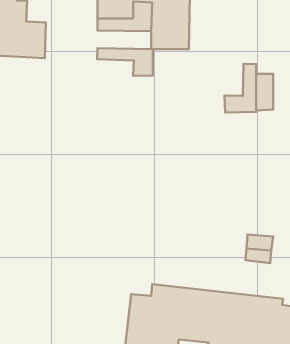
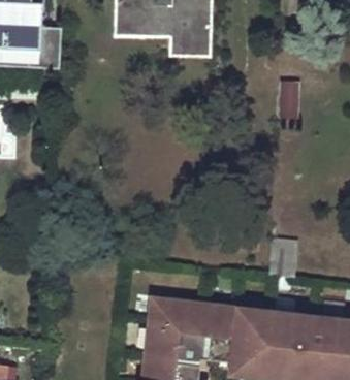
building: [97,48,153,76] -> none
building: [225,64,256,112] -> none

